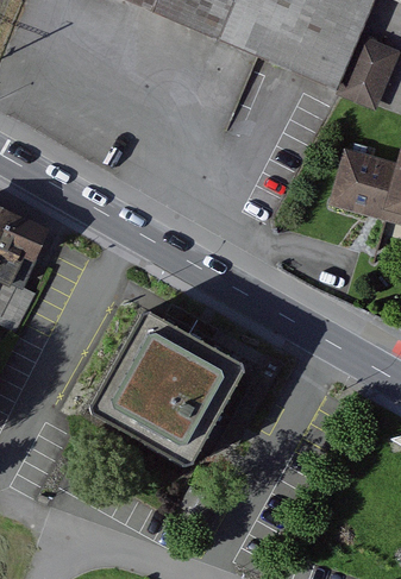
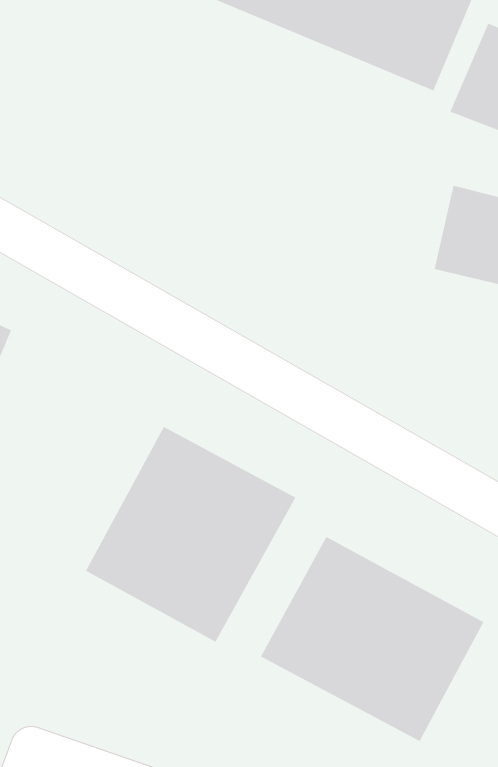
building: none -> [260,536,484,742]

